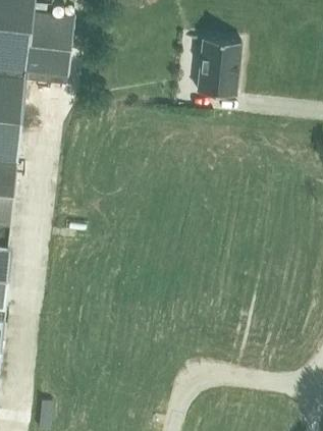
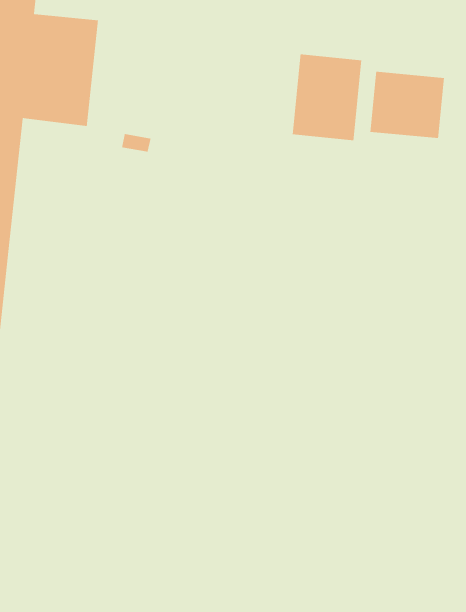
building: none -> [369,71,445,139]

